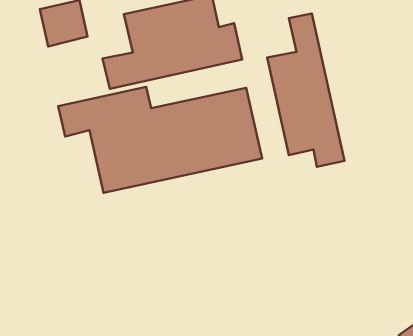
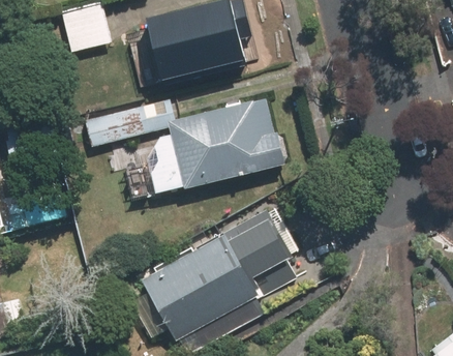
building: [267,14,344,167] -> none
building: none -> [143,212,300,343]

